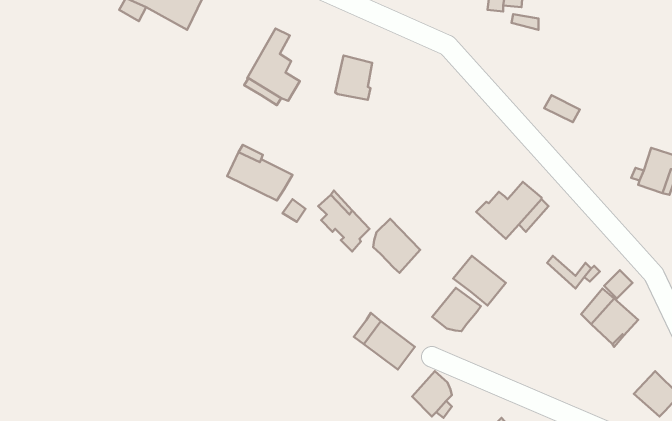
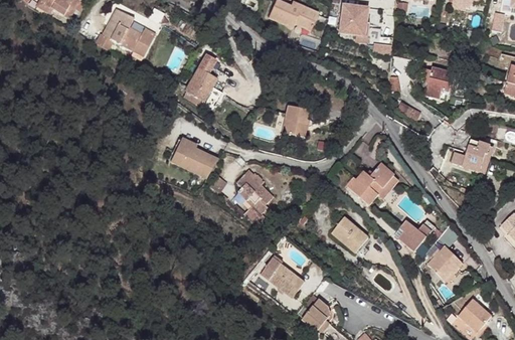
building: none -> [425,67,453,99]
building: [335,56,372,100] -> [283,105,309,136]
building: [373,219,420,273] -> none
building: [432,288,481,331] -> none

